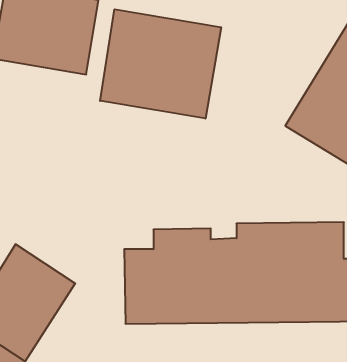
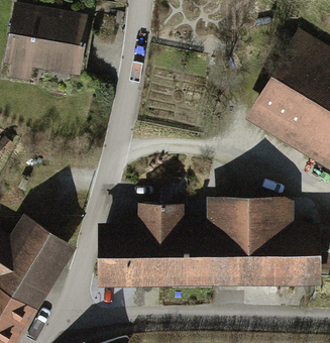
building: [100,9,221,119] -> none

